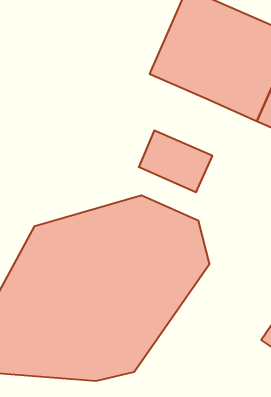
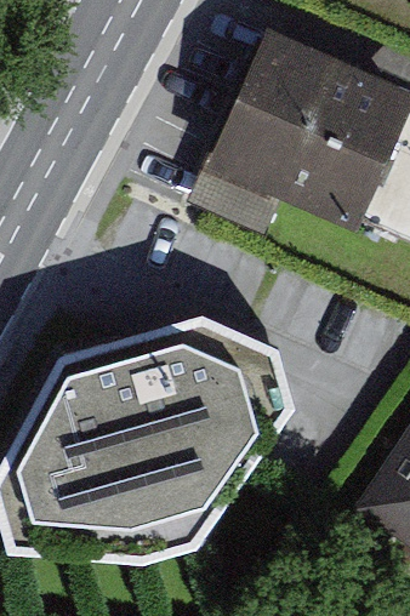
building: [139,130,212,192] -> [190,152,289,234]

